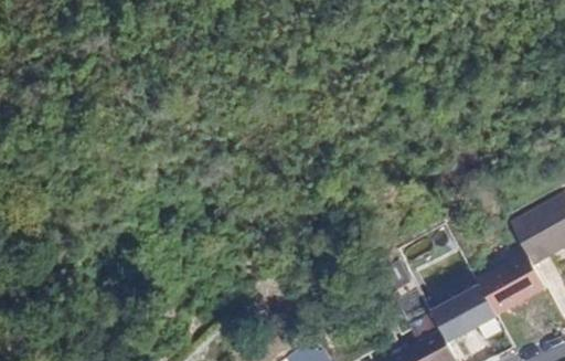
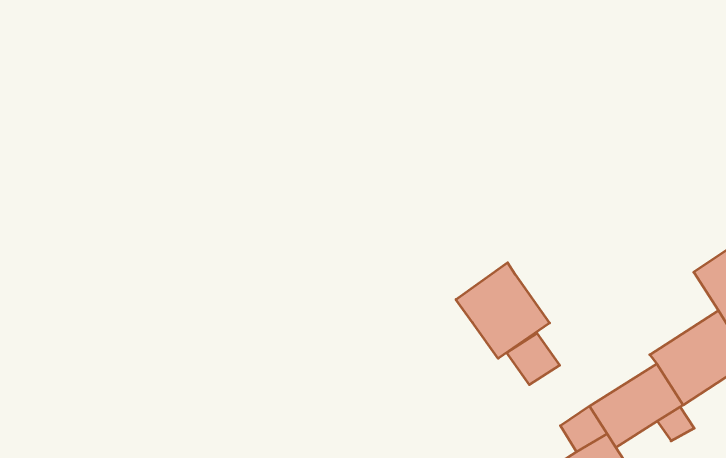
building: none -> [456,263,550,358]

